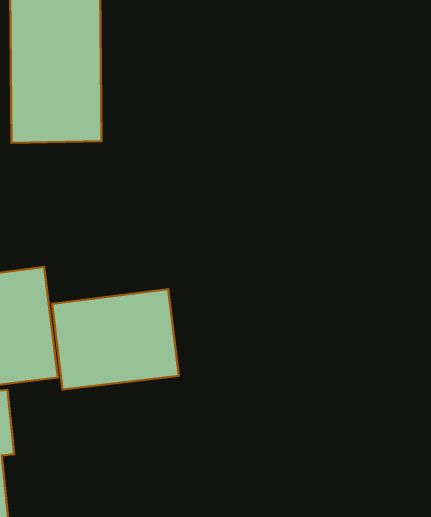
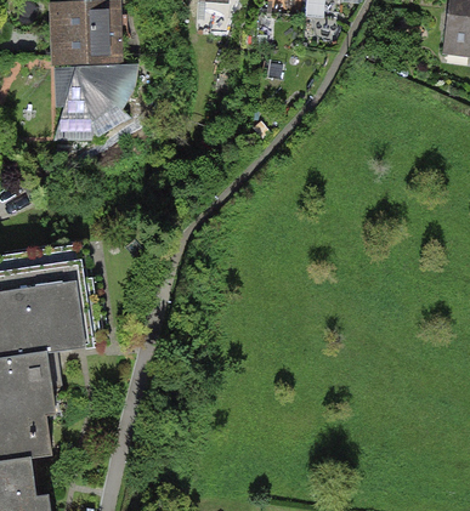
building: [52,289,179,389] -> none

